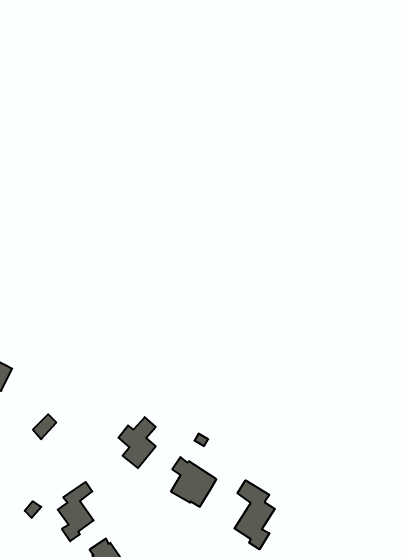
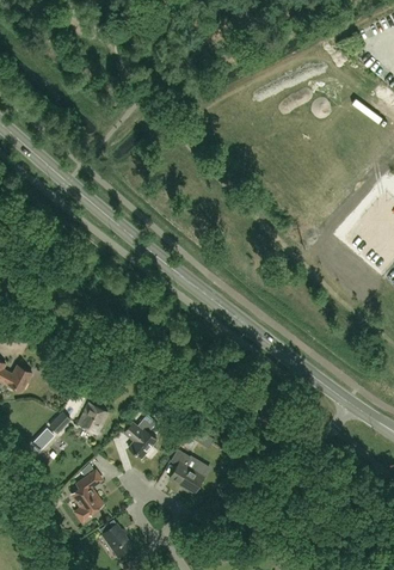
building: none -> [79,403,109,434]
building: [234,480,275,549] -> none

